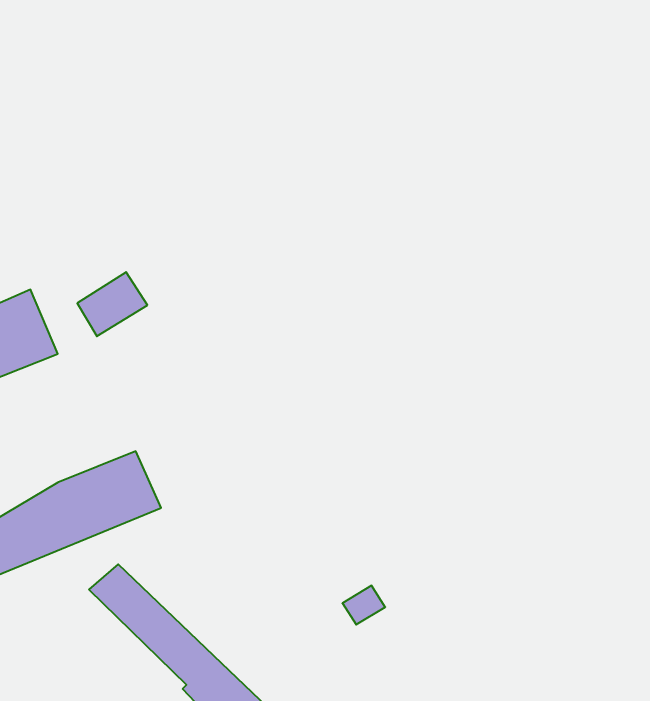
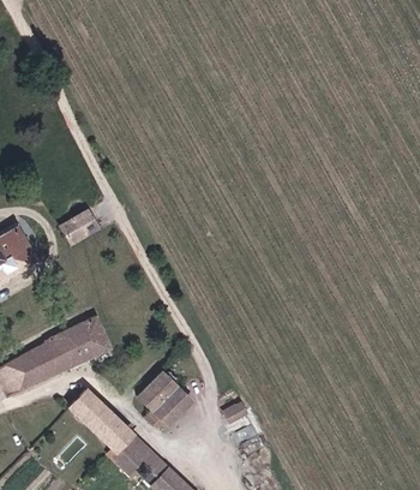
building: none -> [131,370,184,424]

